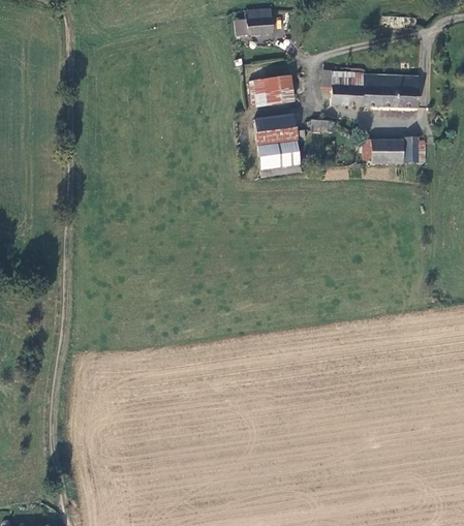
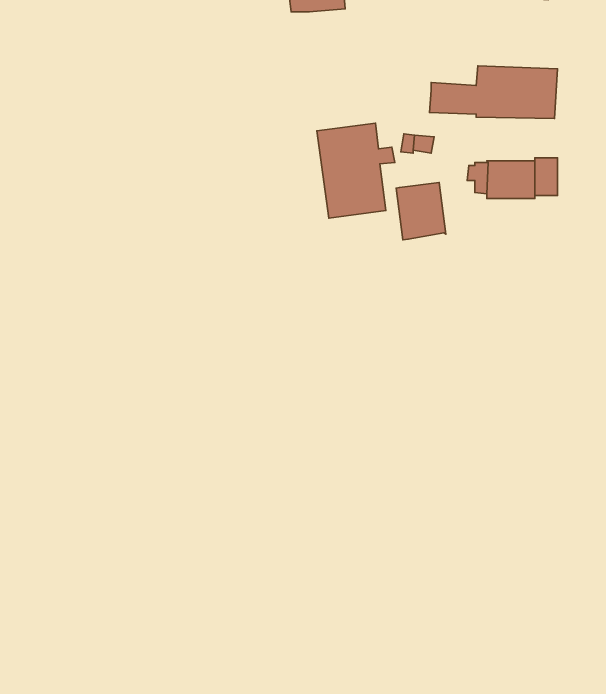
building: [321,68,365,89] -> none
building: [249,74,296,107] -> none
building: none -> [396,182,446,240]

